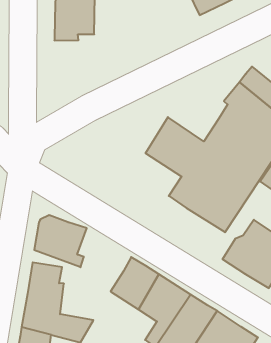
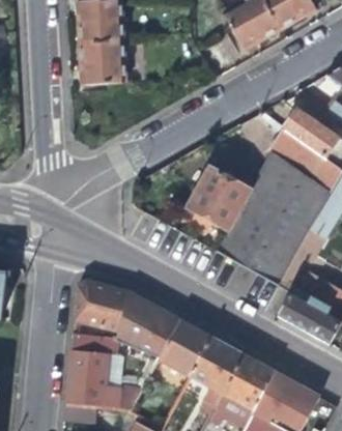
building: none -> [121,291,179,347]

